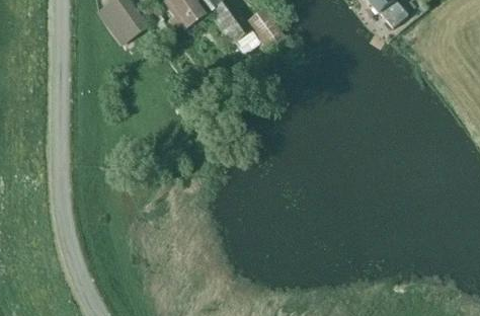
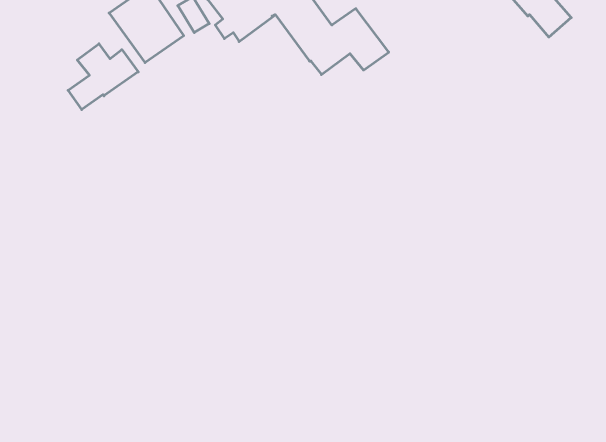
building: none -> [68,44,138,110]

